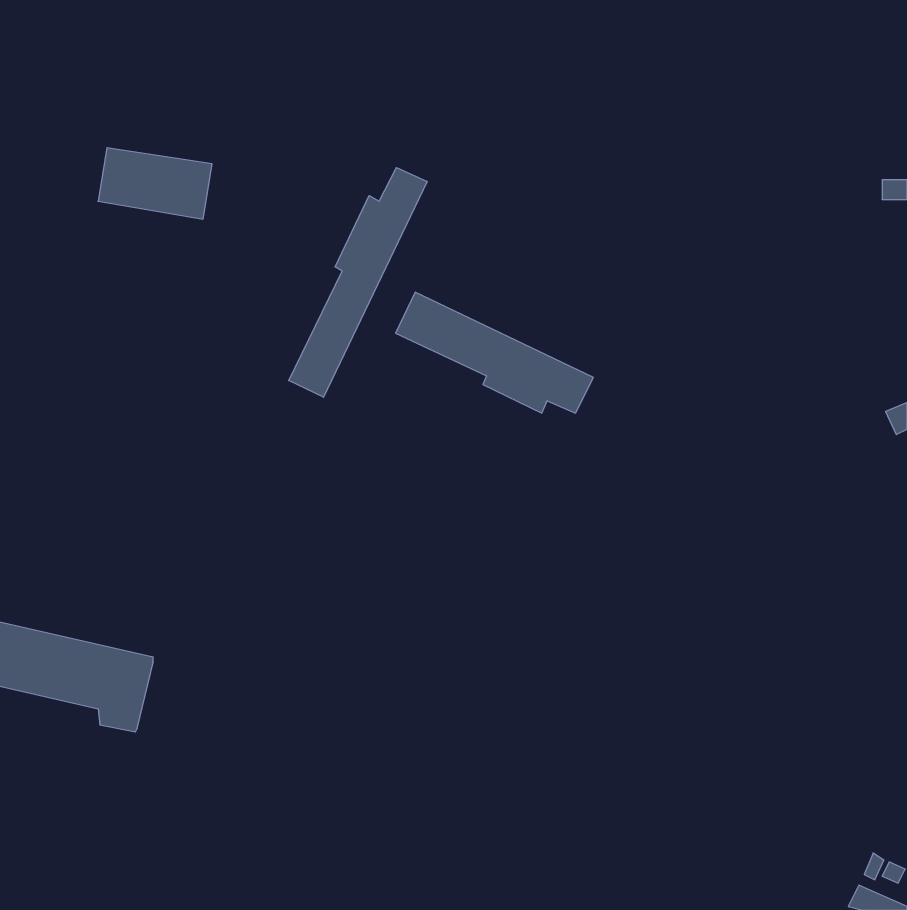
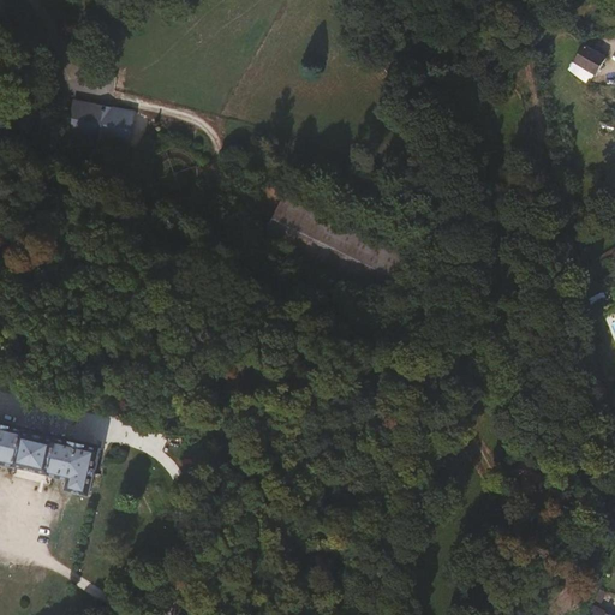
building: none -> [571,47,607,78]
building: [289,168,427,397] -> none

